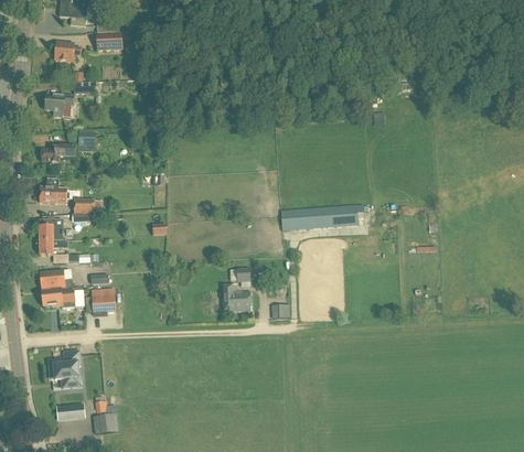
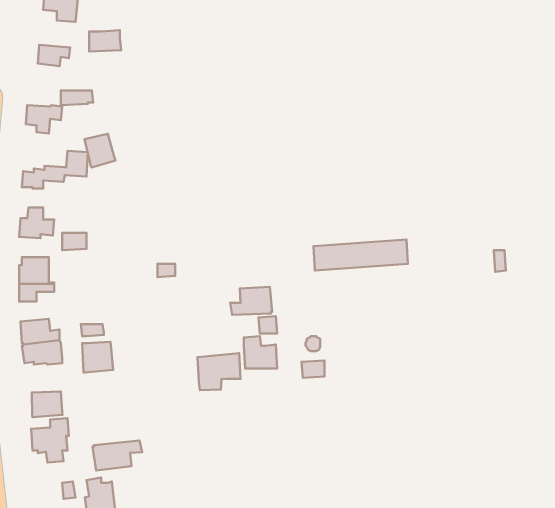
building: none -> [85,134,115,167]
building: none -> [230,287,272,315]
building: none -> [198,353,241,390]
building: none -> [32,391,62,417]
building: none -> [93,440,142,470]

